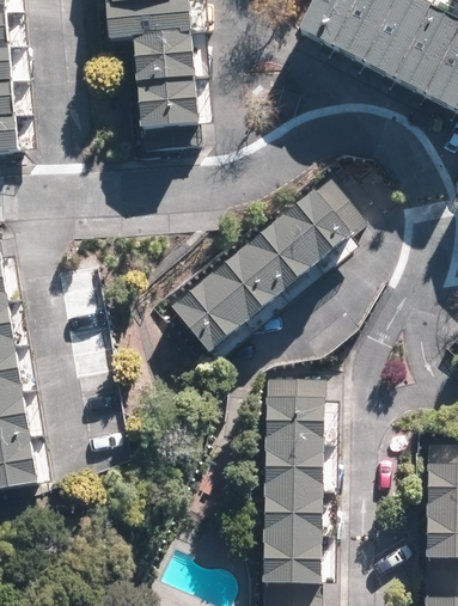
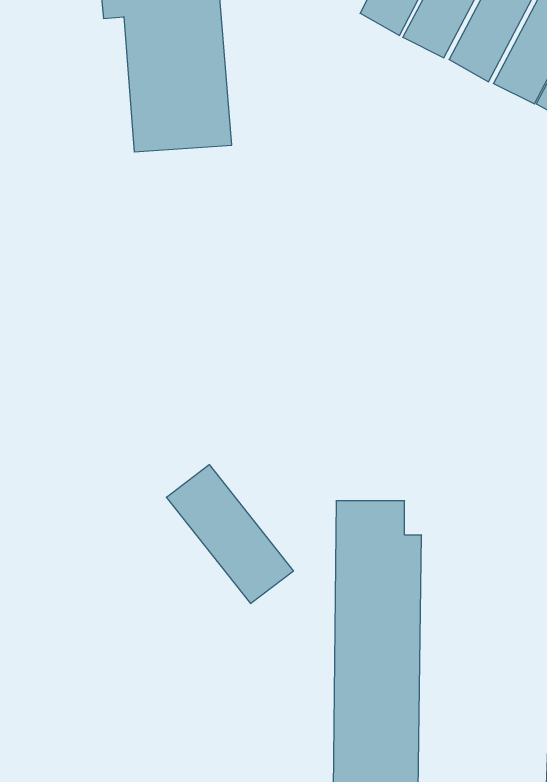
building: [170,180,360,354] -> none
building: none -> [166,465,293,604]

